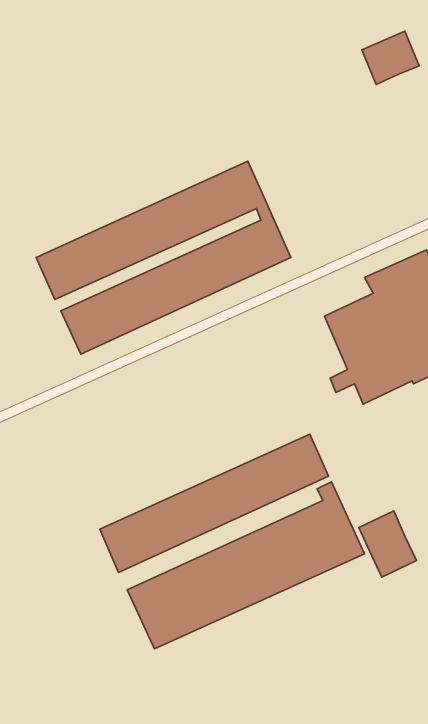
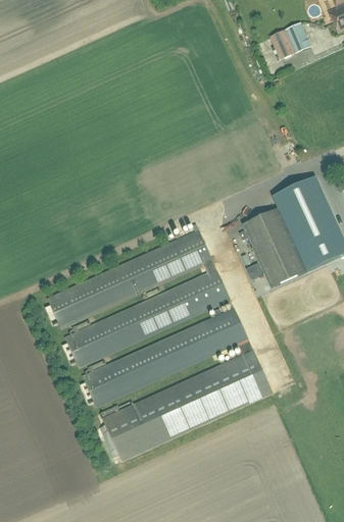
building: [36,161,291,354] -> [47,230,228,367]
building: [359,511,417,577] -> none

